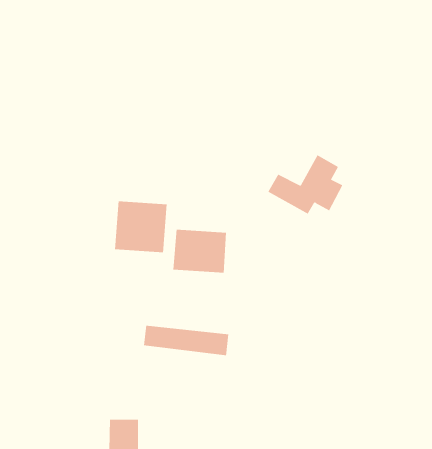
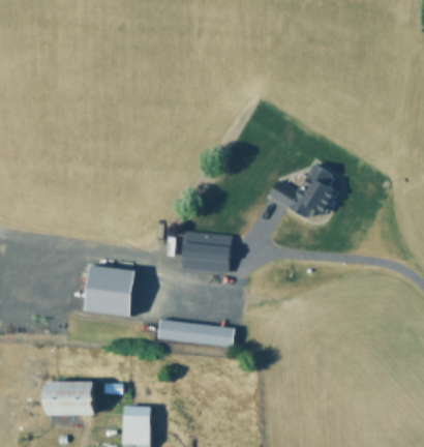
building: [114,201,167,253] -> [88,267,137,315]
building: none -> [49,379,98,414]

